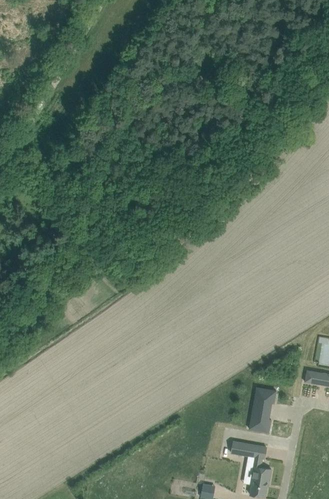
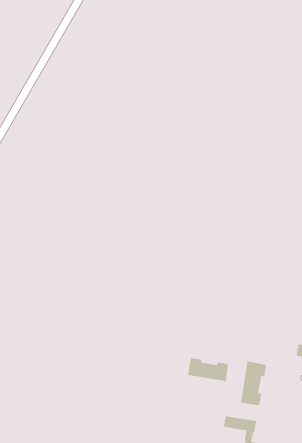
building: none -> [187,357,229,382]

